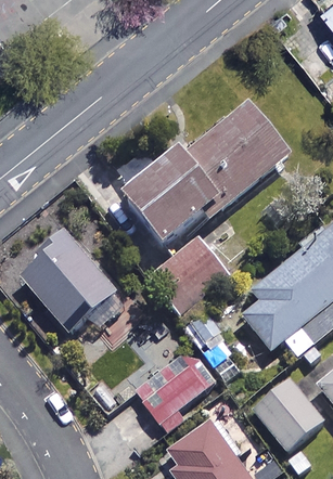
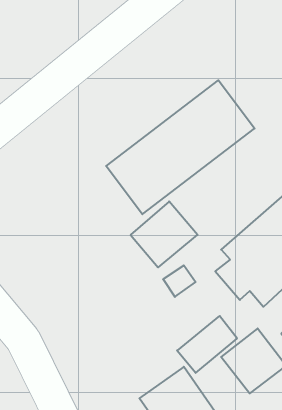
building: [17,235,117,337] -> none
building: [140,359,206,422] -> [177,316,237,373]

